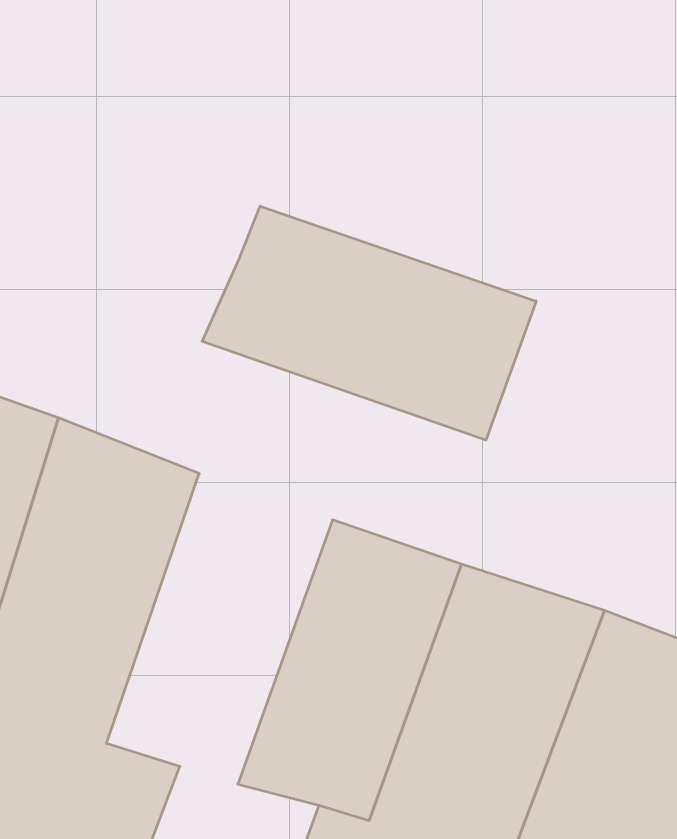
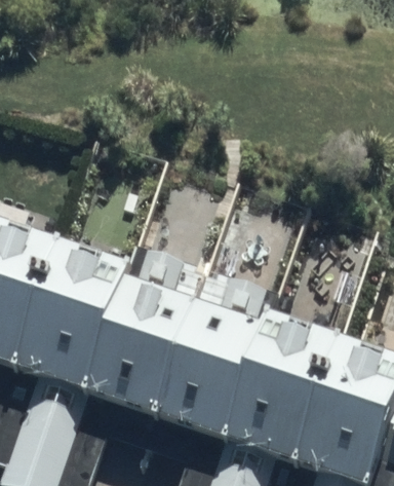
building: [202,206,536,440] -> none
building: none -> [72,258,192,423]

